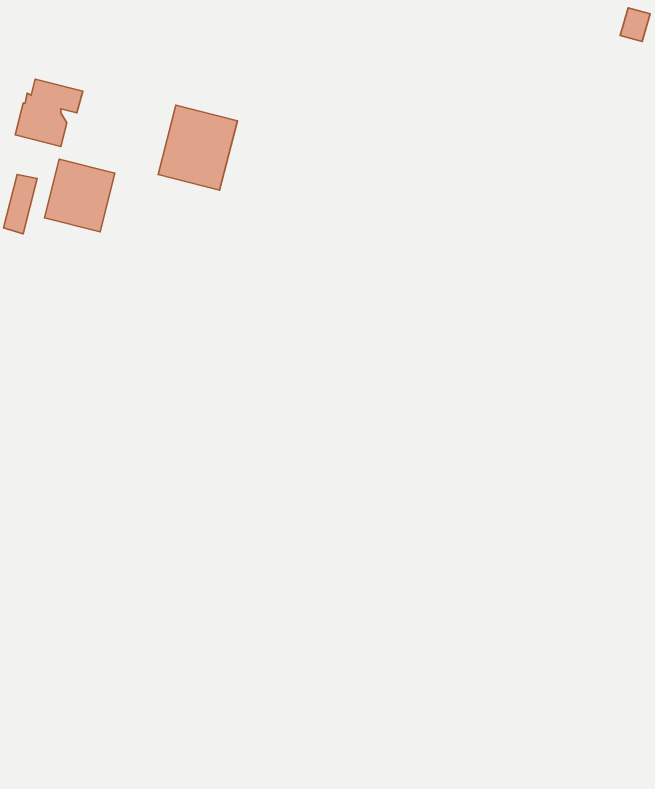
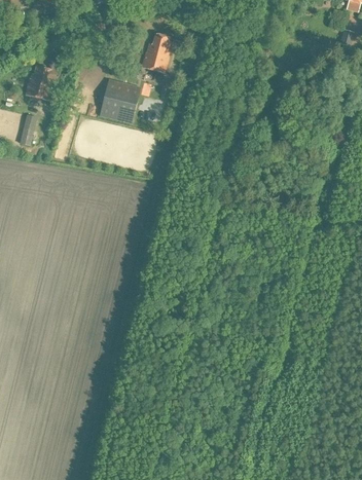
building: none -> [141,32,172,72]
building: [45,159,115,232] -> none

